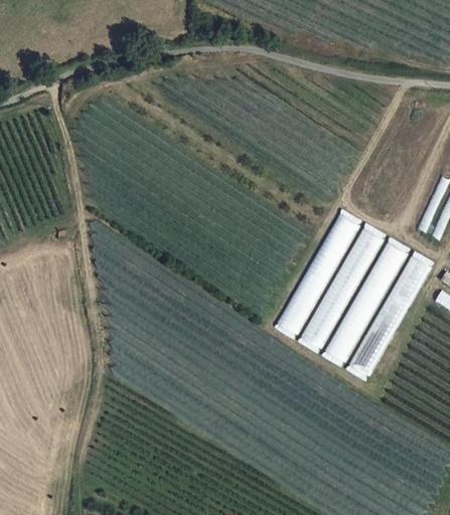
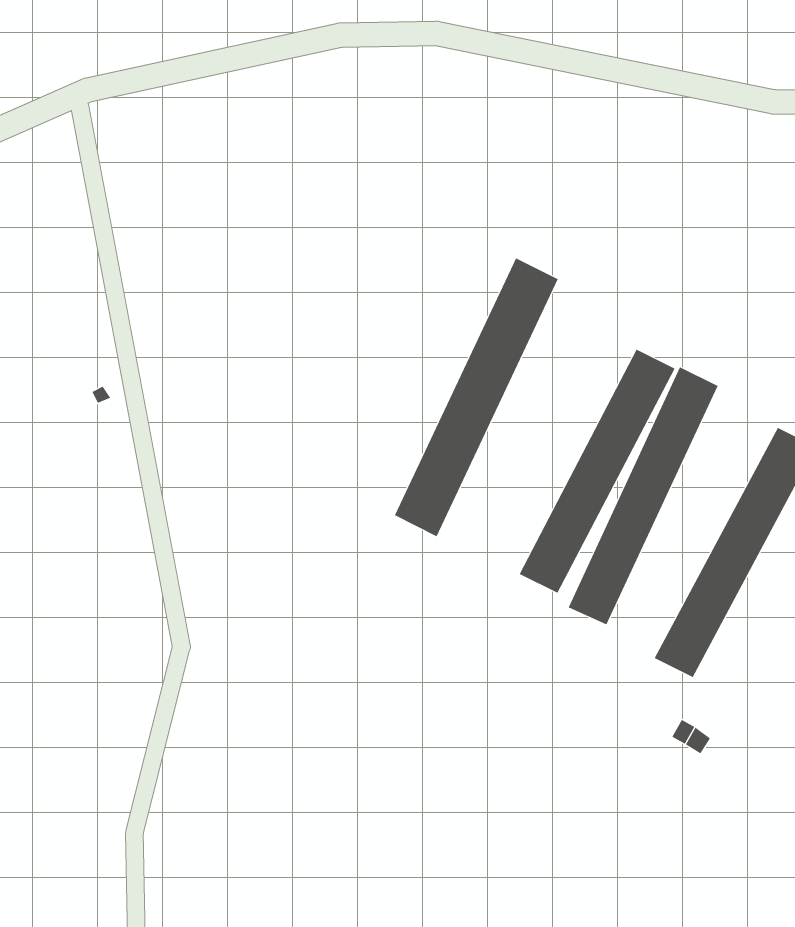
building: none -> [394,257,559,537]
building: [327,234,407,367] -> none

